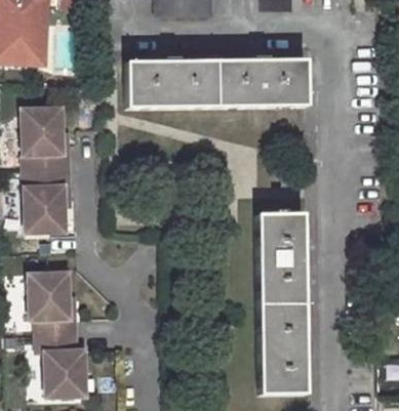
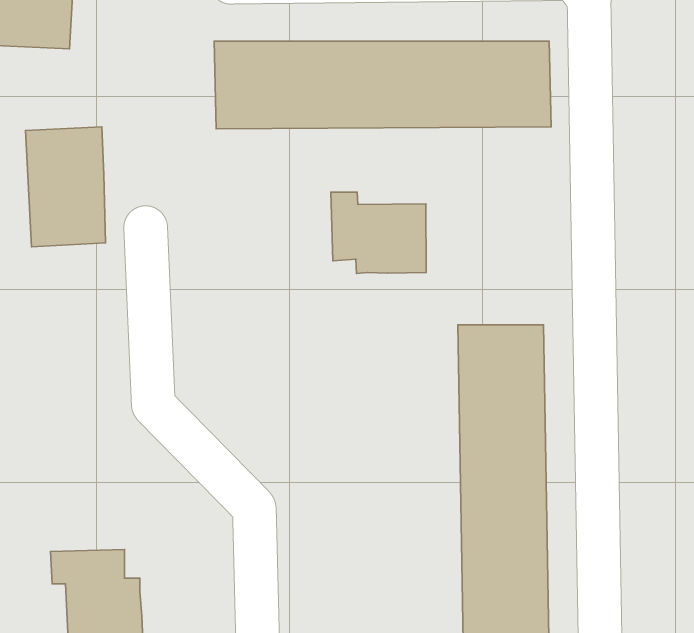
building: none -> [331,192,426,273]
building: [25,169,67,233] -> none
building: [26,273,75,335] -> none

